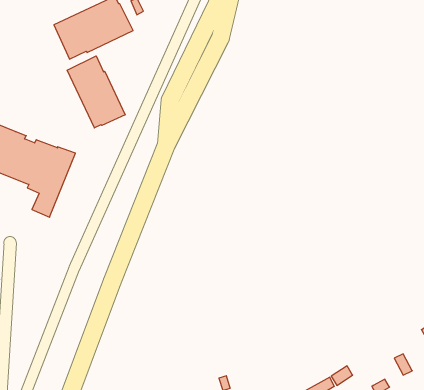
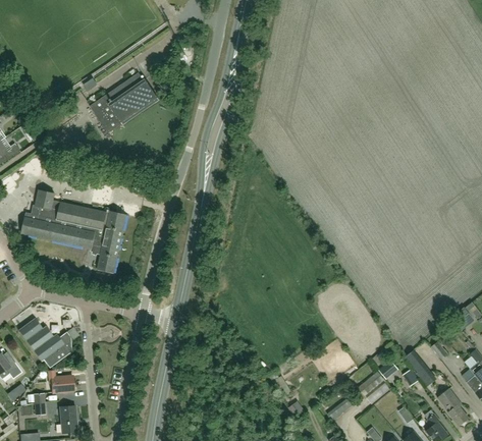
building: [67,56,125,128] -> none

